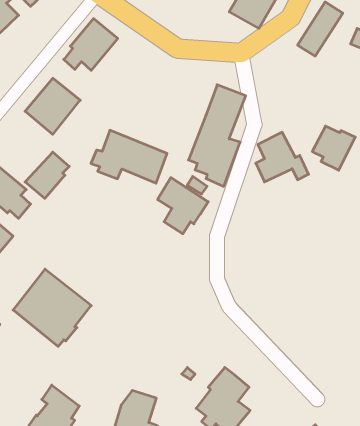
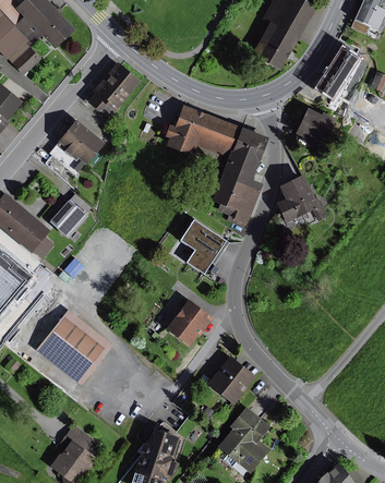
building: [312,126,355,170] -> [293,108,336,152]
building: [91,130,167,183] -> [163,105,238,157]
building: none -> [165,300,213,347]
building: none -> [207,357,255,406]

